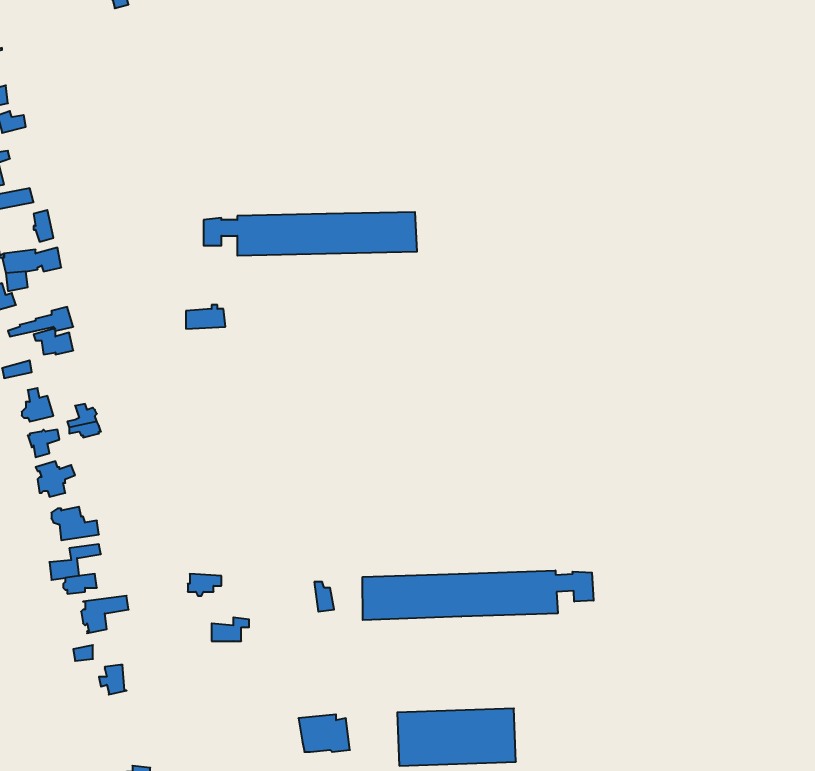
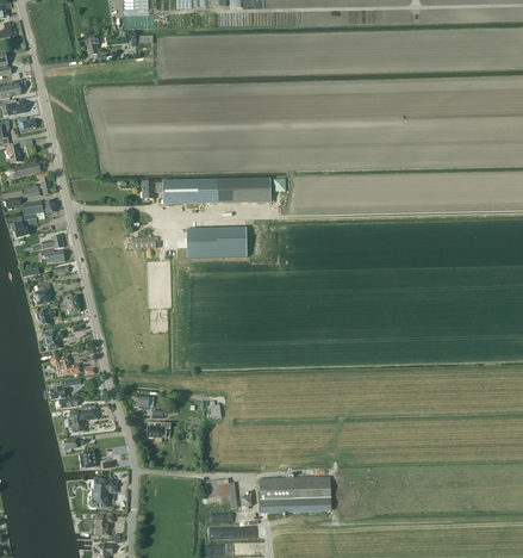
building: none -> [179,227,239,259]
building: [363,570,594,620] -> none
building: none -> [89,480,118,507]

